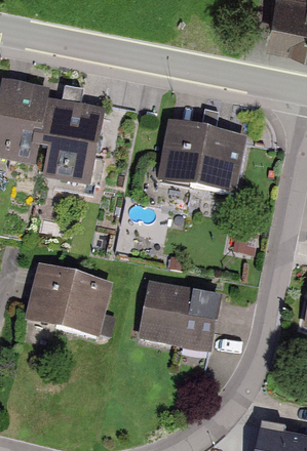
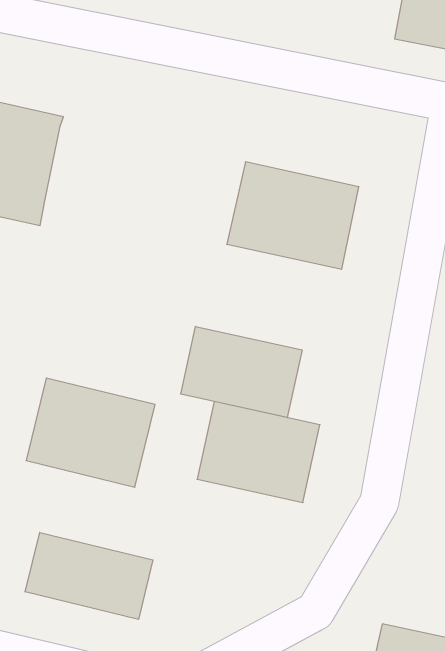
building: [38,97,107,184] -> none
building: none -> [181,326,302,418]
building: none -> [25,532,153,619]

